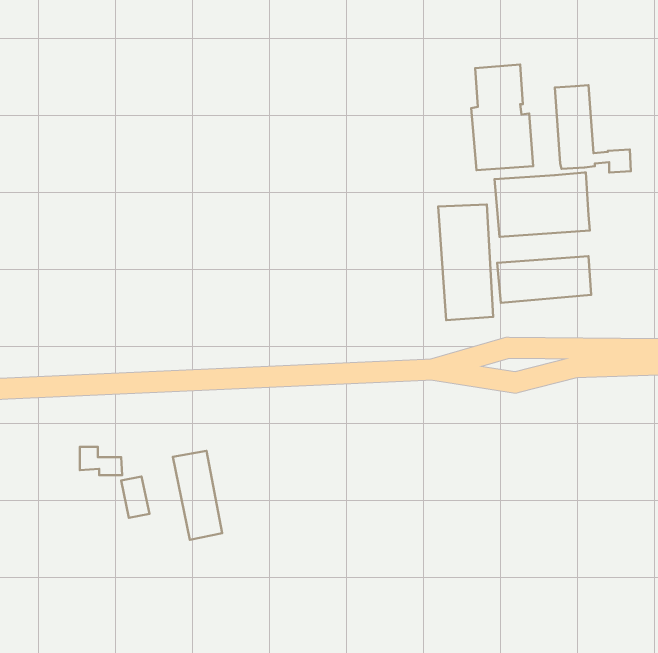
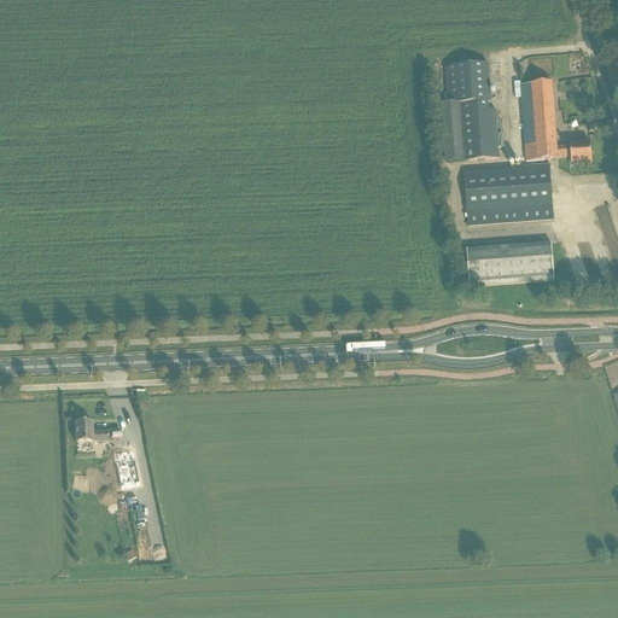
building: [438,204,493,320] -> none
building: [173,451,222,540] -> none

